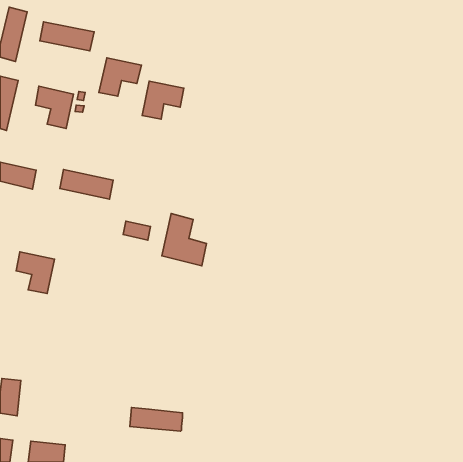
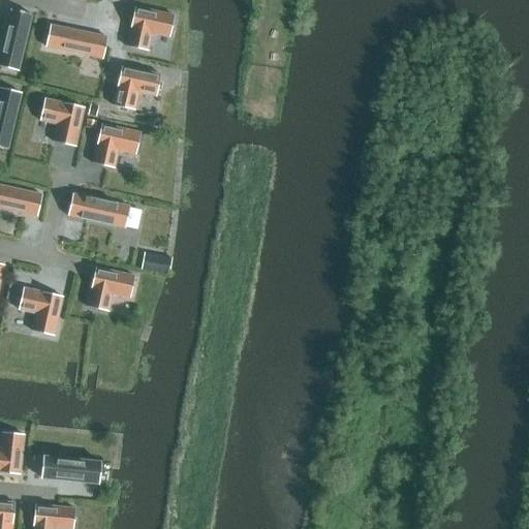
building: none -> [126,7,174,51]
building: [142,81,184,119] -> [93,124,141,167]
building: [162,214,207,266] -> none
building: none -> [87,268,134,311]
building: [130,407,182,431] -> [40,456,100,483]

